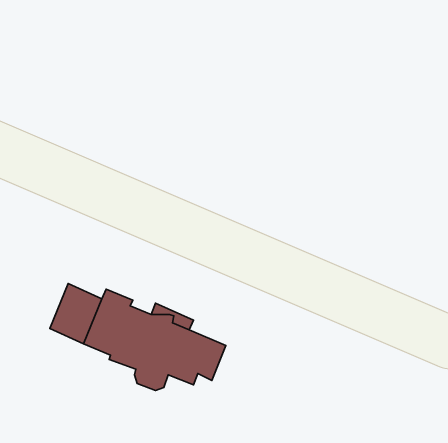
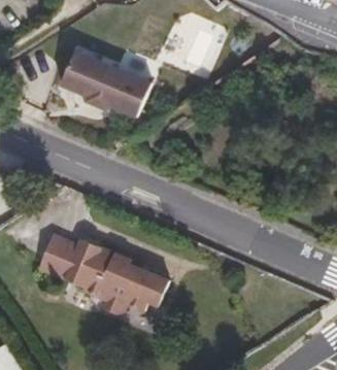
building: none -> [61,51,150,116]

